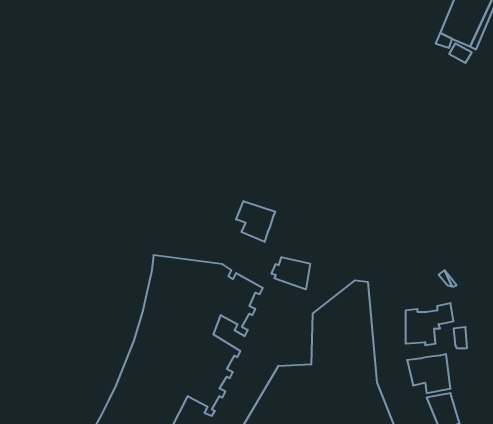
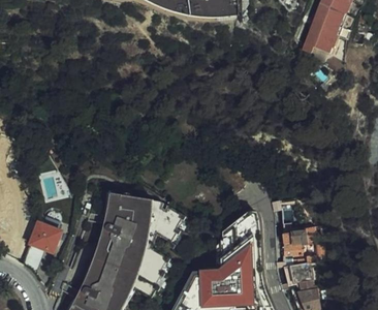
building: [236,201,275,242] -> none
building: [272,257,310,289] -> none
building: none -> [21,221,60,267]

